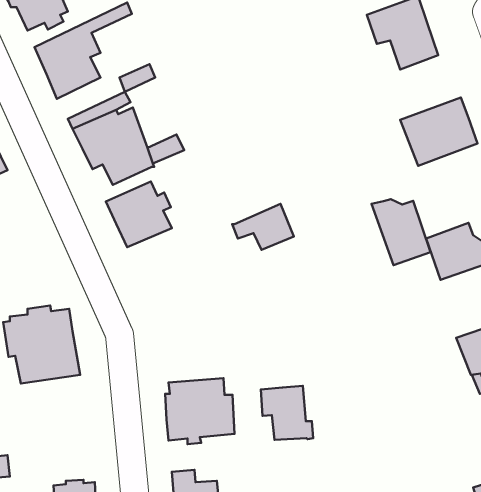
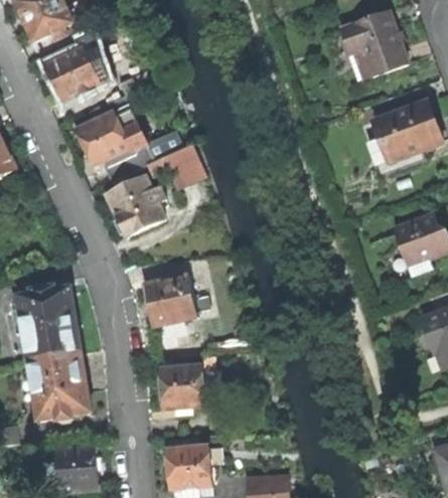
building: [372,199,431,265] -> none
building: [232,204,294,250] -> [147,145,202,186]
building: none -> [145,275,197,324]
building: none -> [29,350,92,420]
building: [261,386,313,440] -> none

